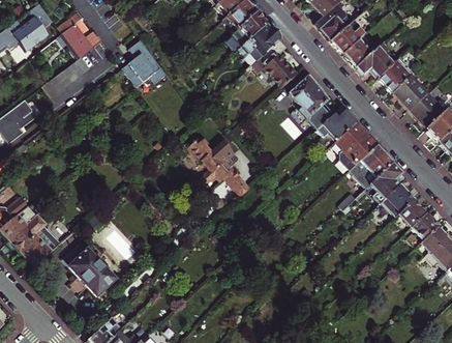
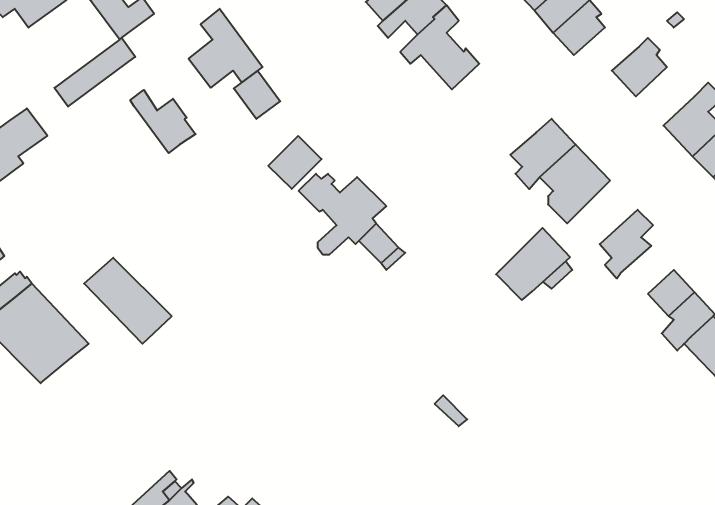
building: [355,44,394,77] -> none
building: [392,75,427,110] -> none
building: [289,76,332,127] -> none
building: none -> [234,71,280,119]
building: none -> [130,90,196,153]
building: none -> [268,136,322,189]
building: [349,143,393,187] -> [496,228,570,300]
building: [383,182,415,213] -> none
building: [62,242,115,294] -> [84,258,172,344]

